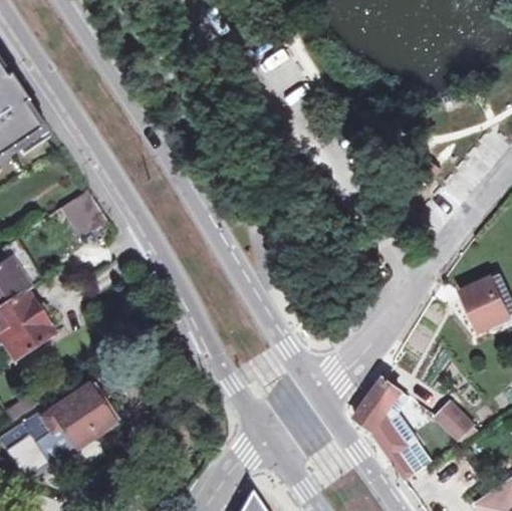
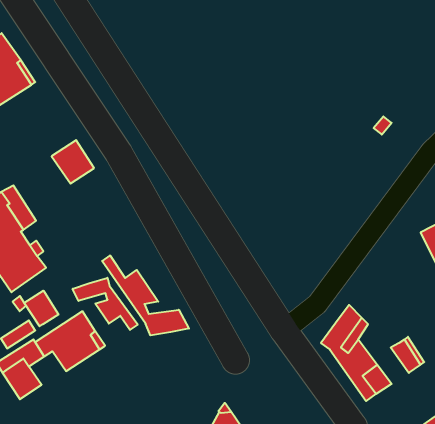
building: none -> [102,255,189,335]
building: none -> [73,278,138,330]
building: none -> [24,291,58,326]

